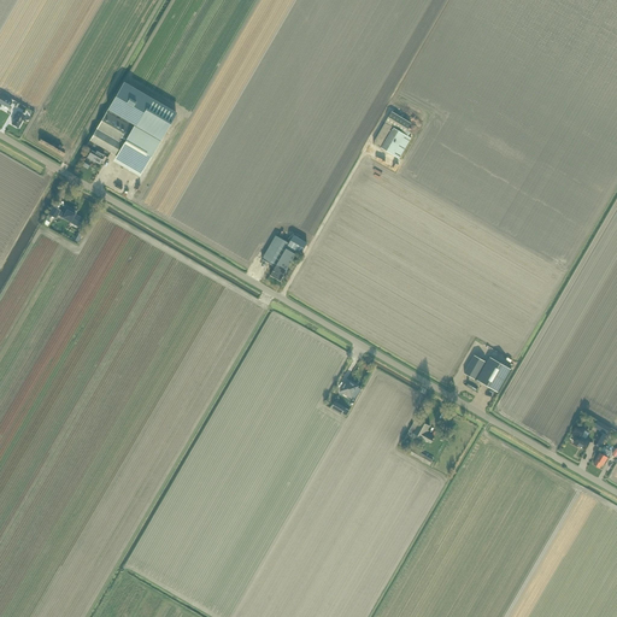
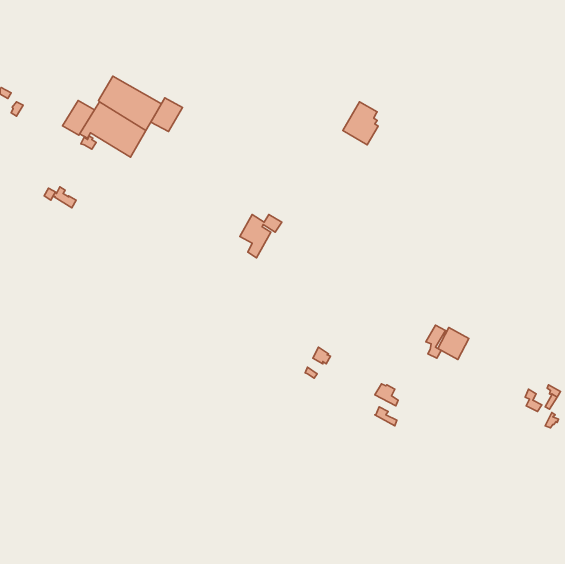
building: none -> [151,98,183,132]
building: none -> [62,100,94,135]

